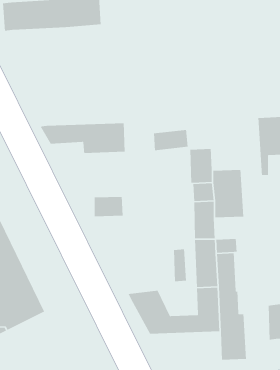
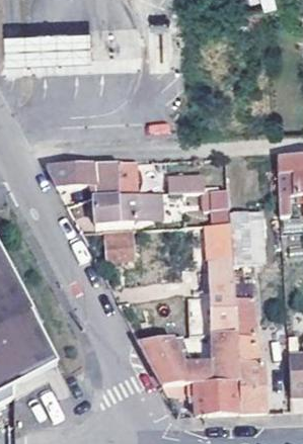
building: none -> [88,191,158,220]
building: none -> [162,382,238,415]

